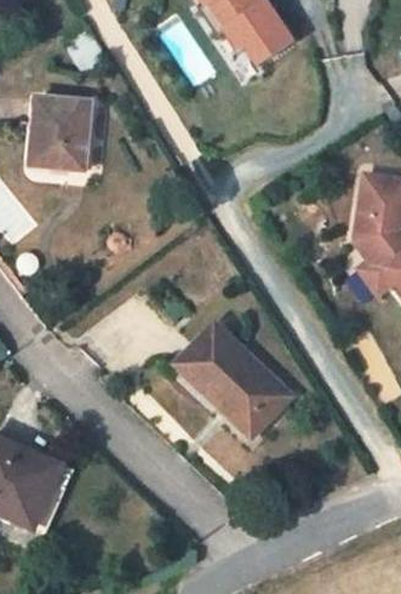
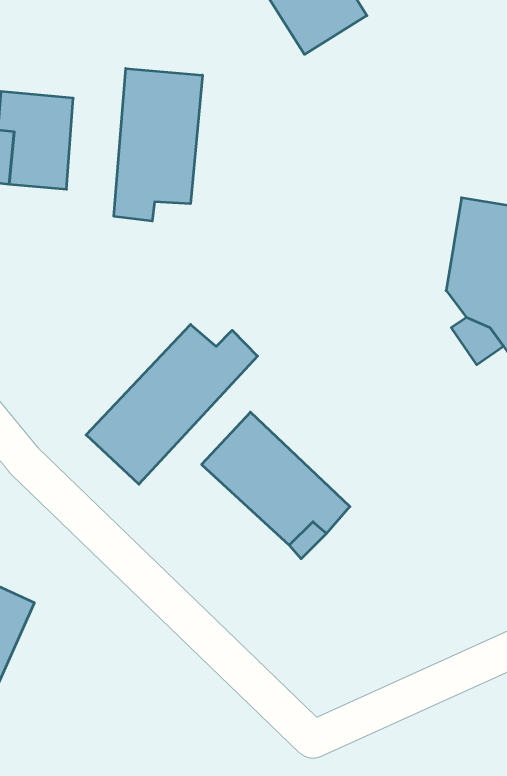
building: none -> [114,68,202,221]
building: none -> [86,324,258,484]

